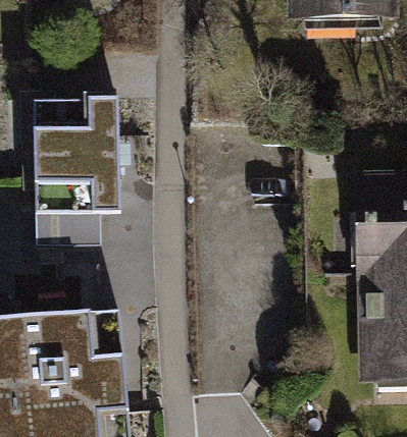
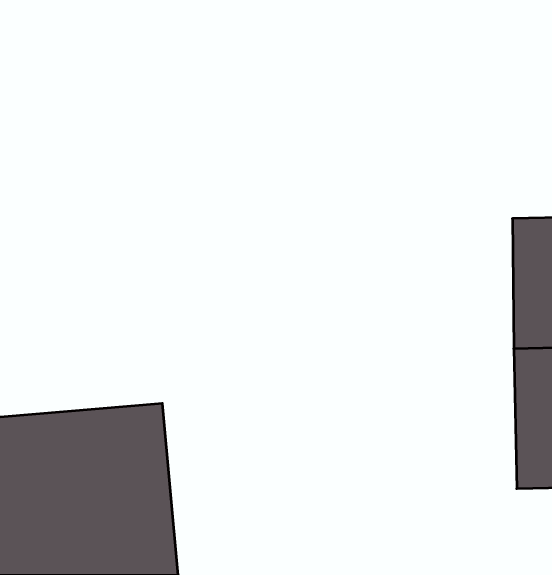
building: [34,105,119,249] -> none

